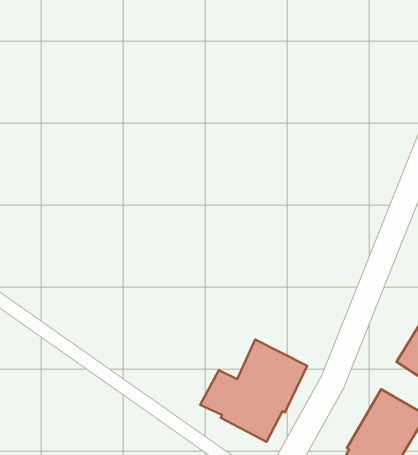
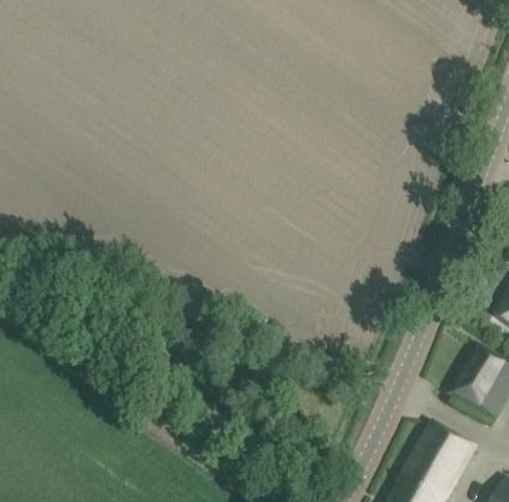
building: [200,339,307,442] -> none

